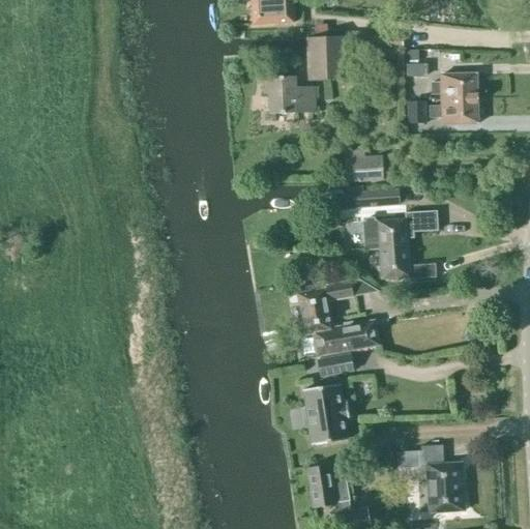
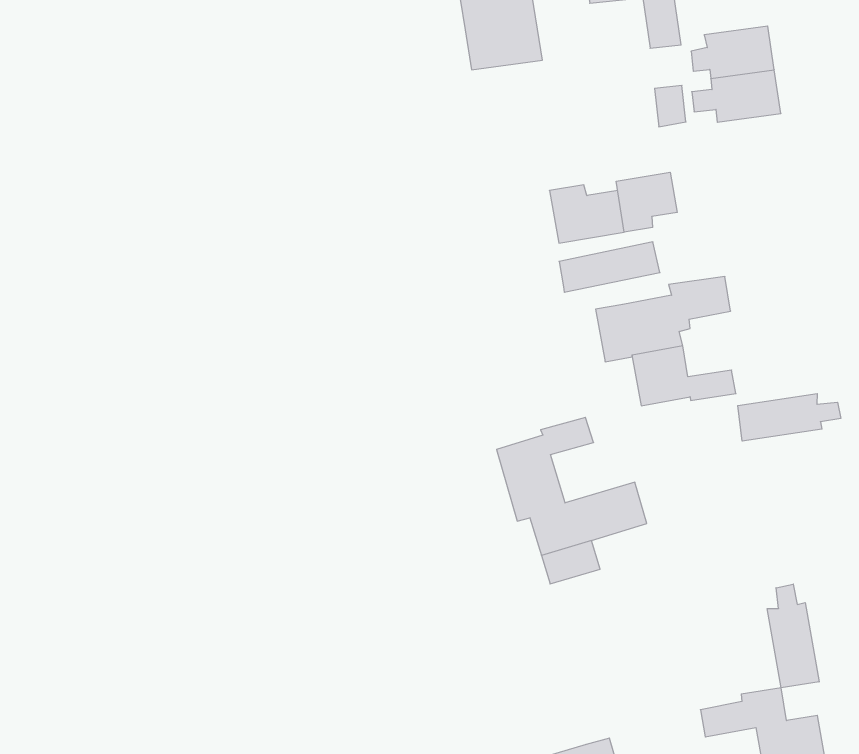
building: [267,76,315,113] -> none
building: none -> [616,172,677,232]
building: none -> [738,394,841,441]
building: [301,382,349,445] -> none
building: none -> [767,584,819,688]

